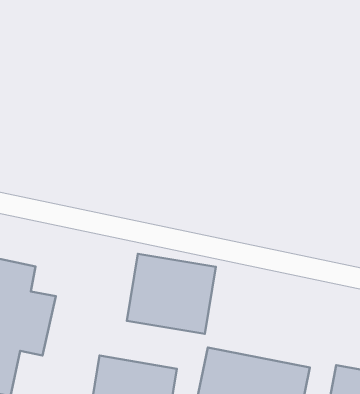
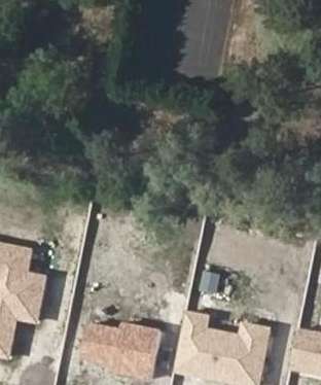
building: [127,254,216,334] -> none

